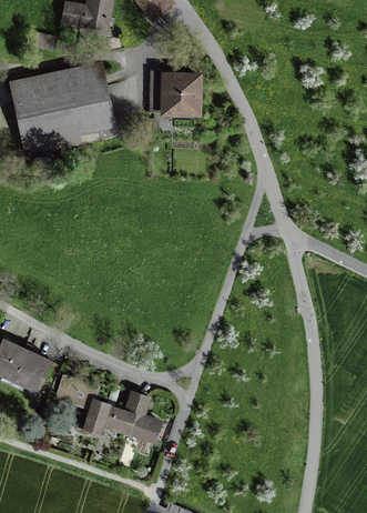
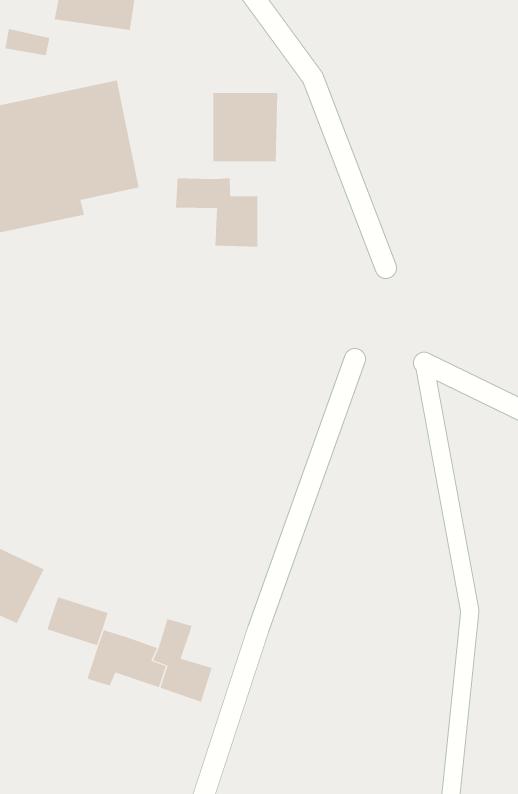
building: none -> [176,178,258,247]

